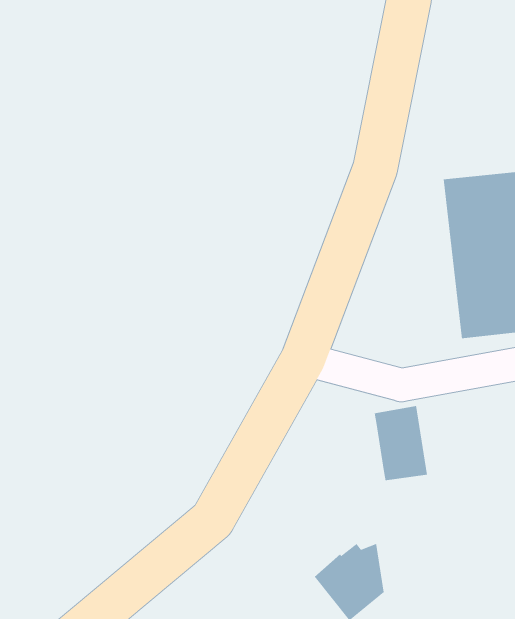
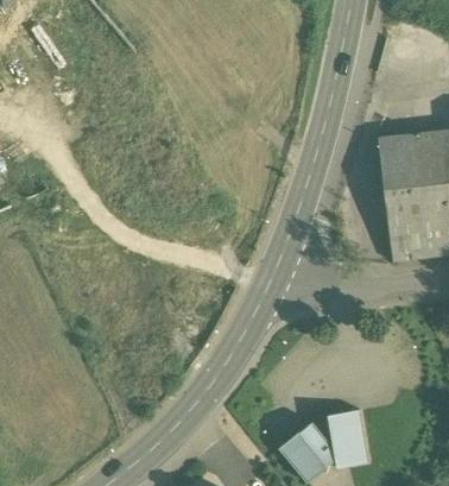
building: [374,406,428,481] -> [325,408,367,466]

